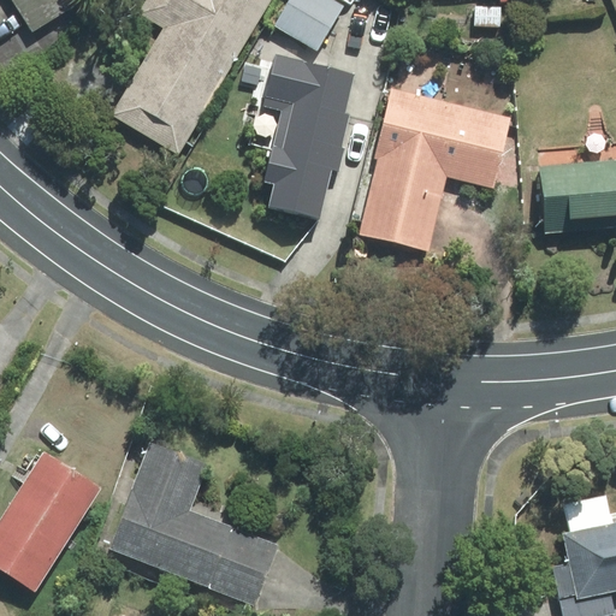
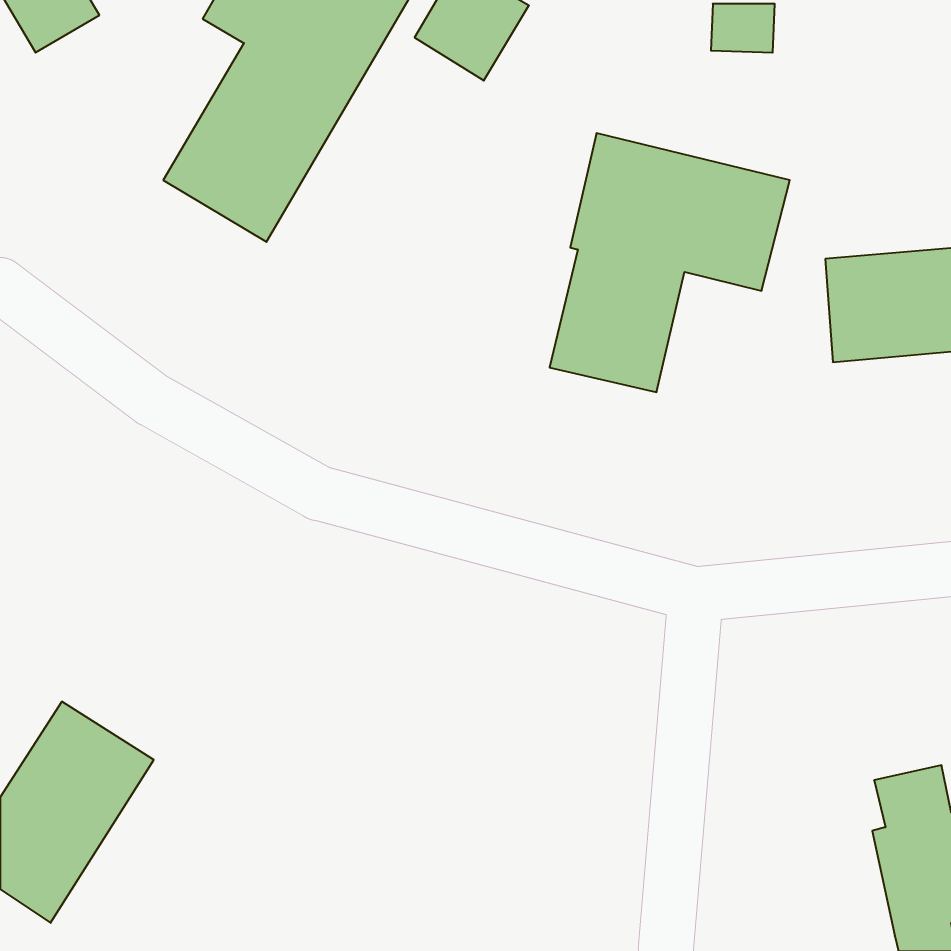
building: [256,53,357,218] -> none
building: [112,440,280,604] -> none

